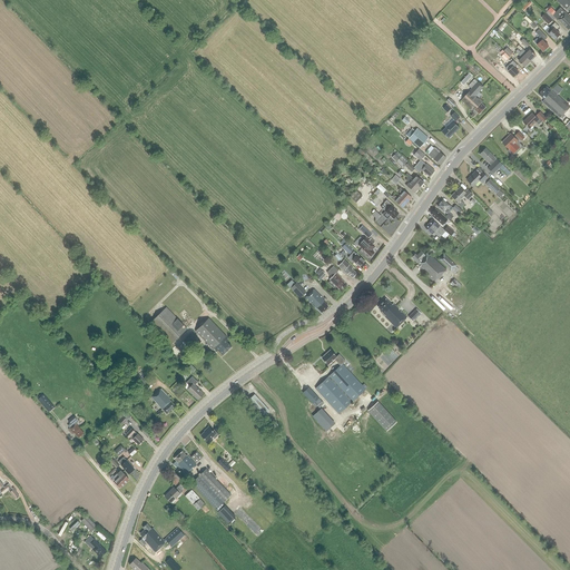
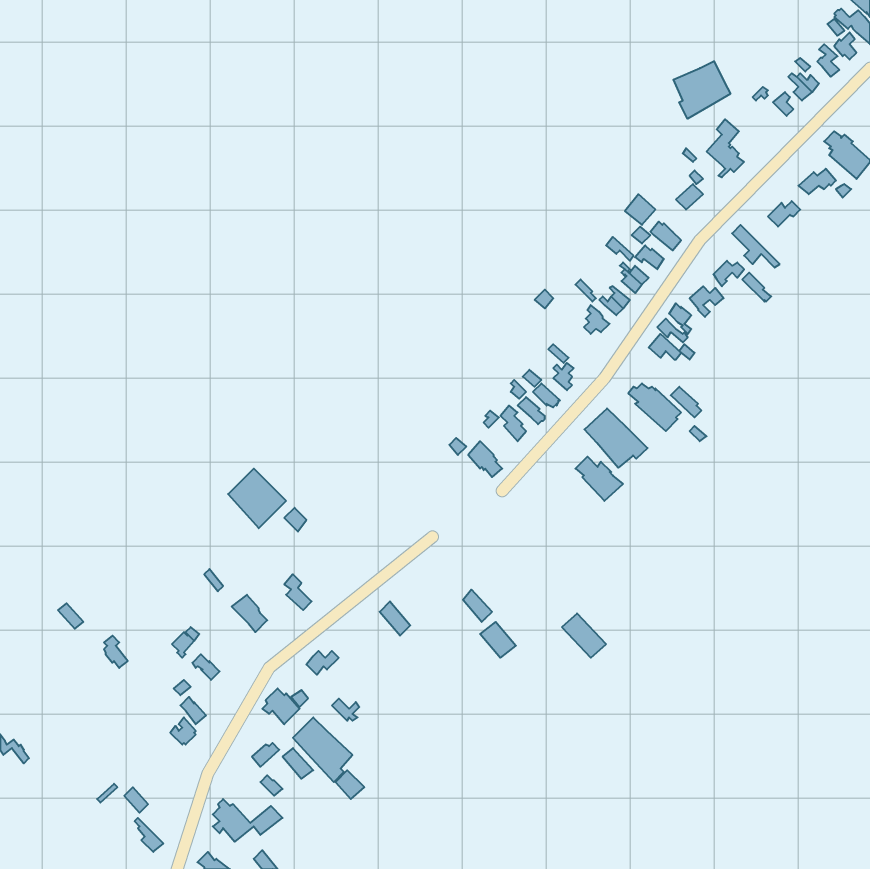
building: none -> [673,61,730,119]
building: none -> [584,408,648,468]
building: [195,317,232,354] -> none
building: [315,348,364,413] -> none

